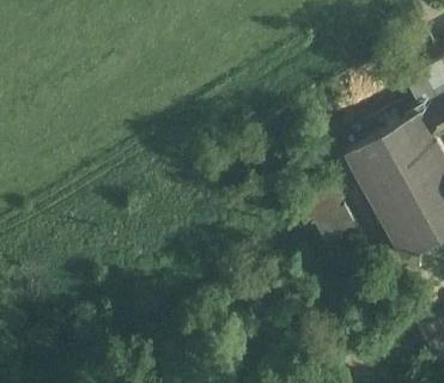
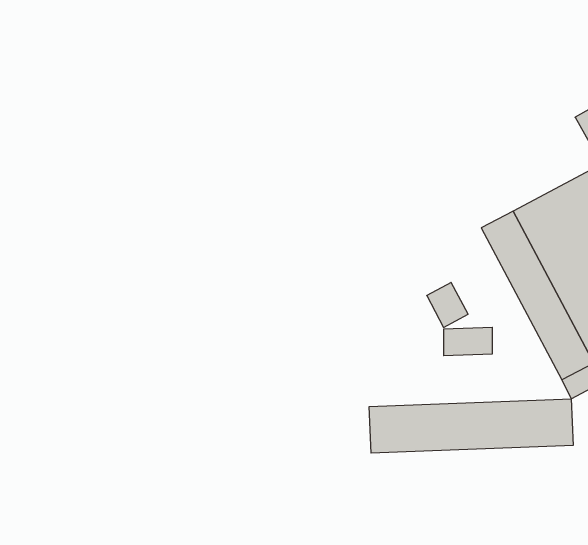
building: none -> [369,399,573,453]

